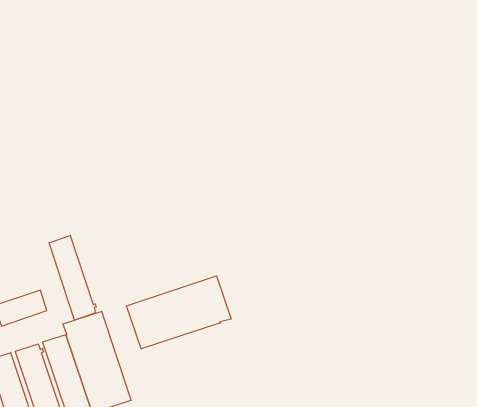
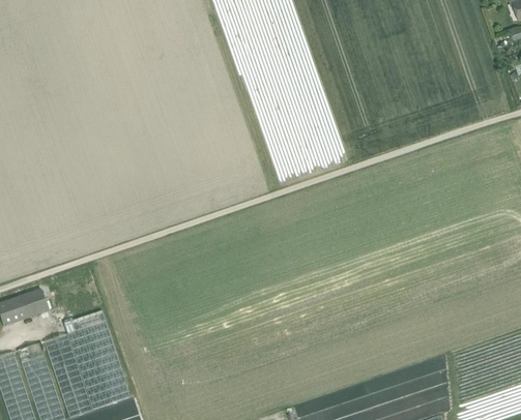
building: [49,235,96,320] -> none
building: [127,276,231,349] -> none

